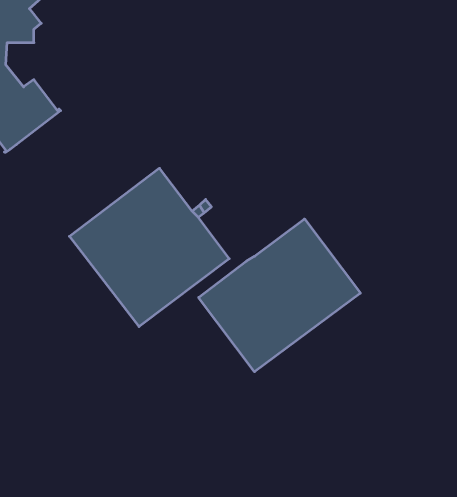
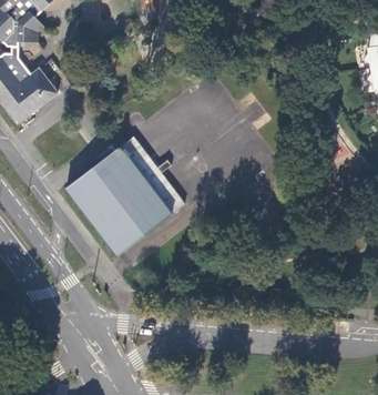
building: [199,219,360,372] -> none

